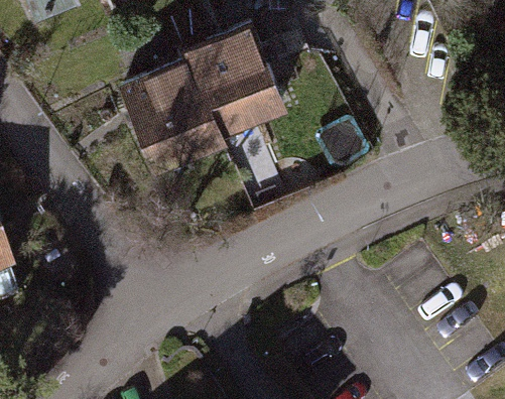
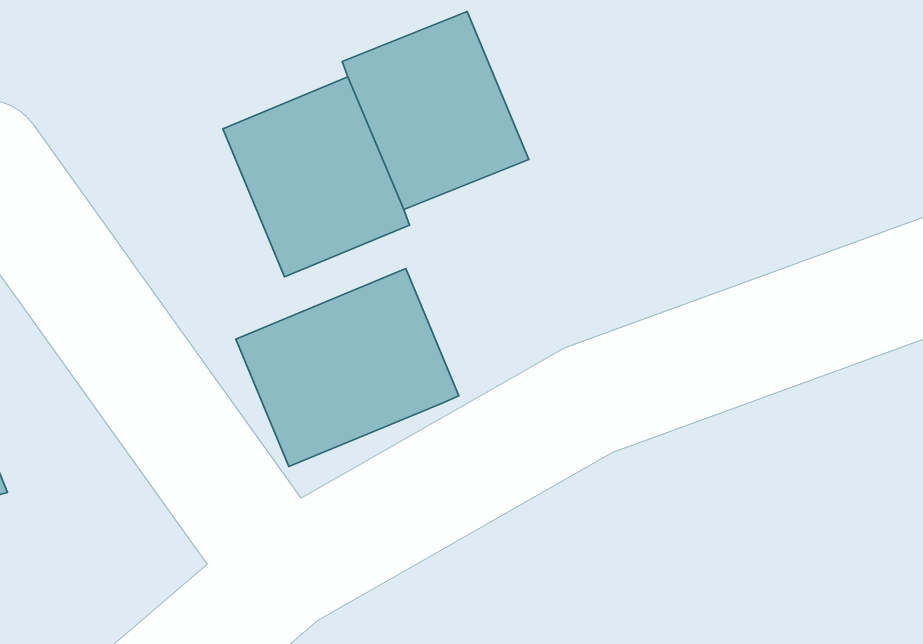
building: none -> [236,268,459,467]

